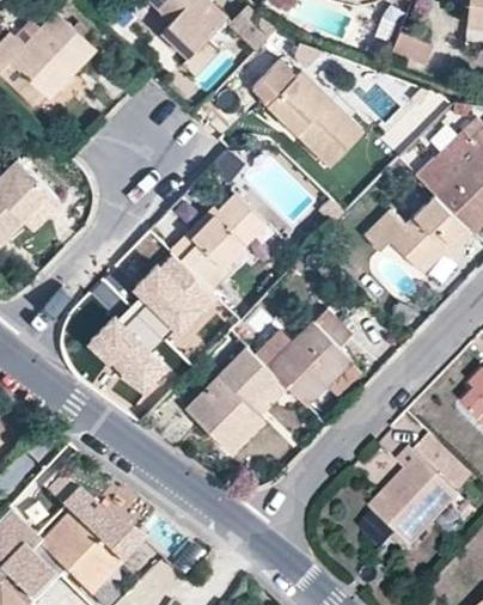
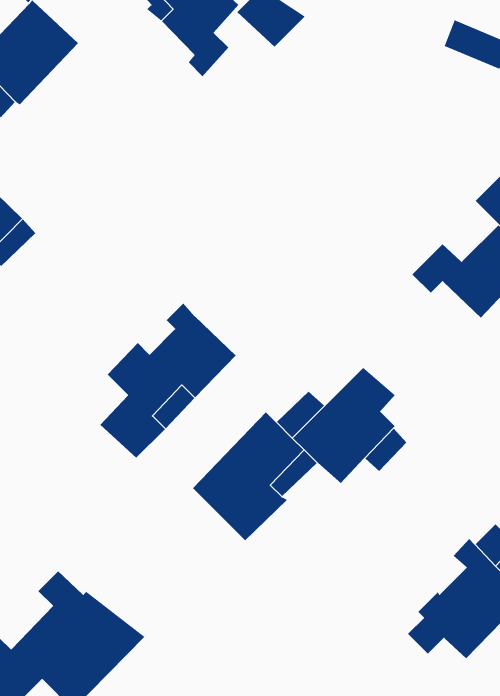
building: [251,59,360,164] -> none
building: [170,191,264,267] -> none

